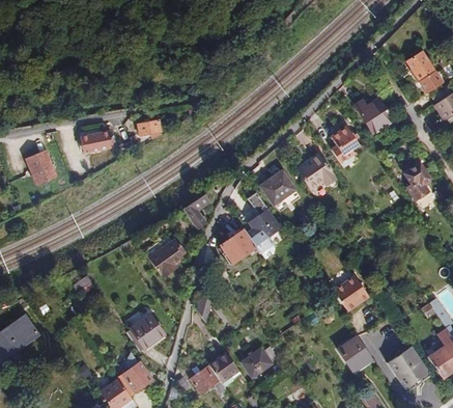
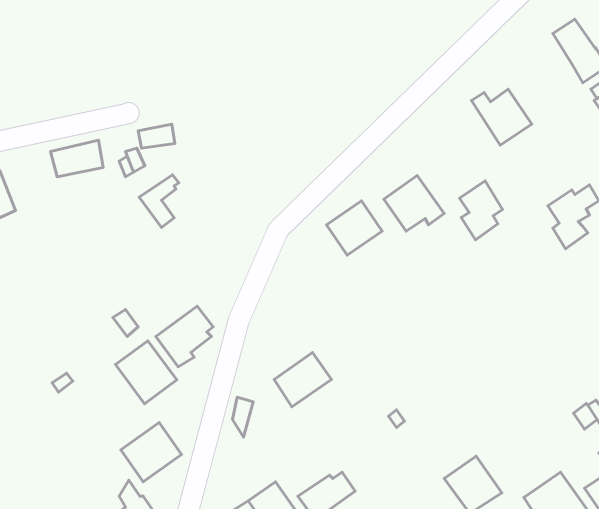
building: [330,125,358,163] -> [460,181,503,240]
building: [182,193,208,227] -> [139,175,179,227]
building: [249,203,282,241] -> none
building: [220,227,257,263] -> [274,352,332,407]
building: none -> [115,341,177,404]
building: [333,274,369,310] -> none

